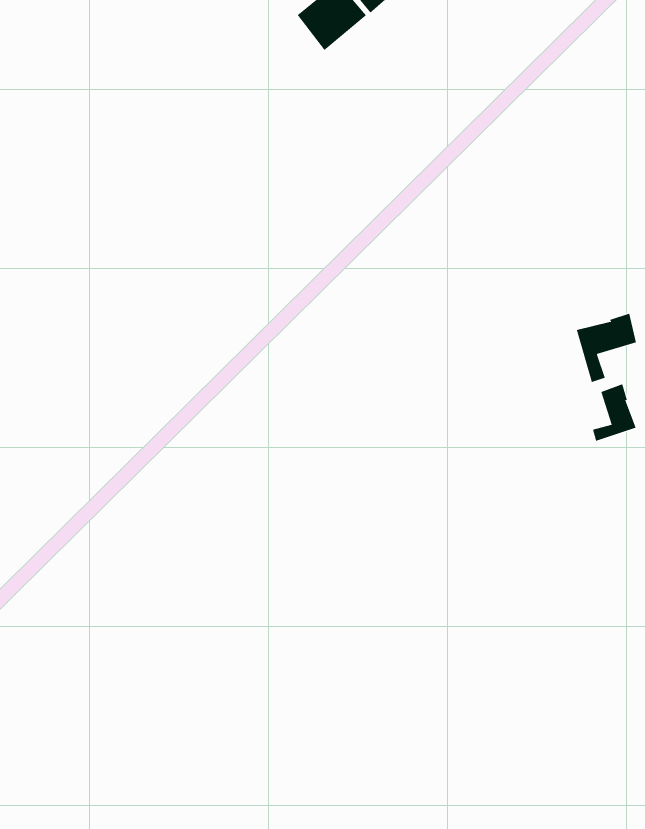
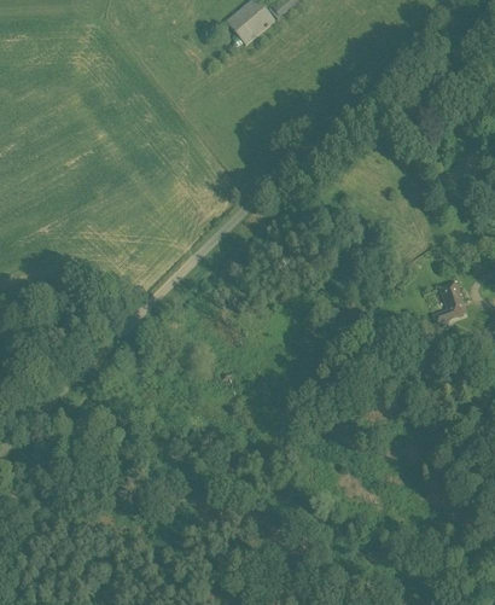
building: [576,313,637,383] -> none

